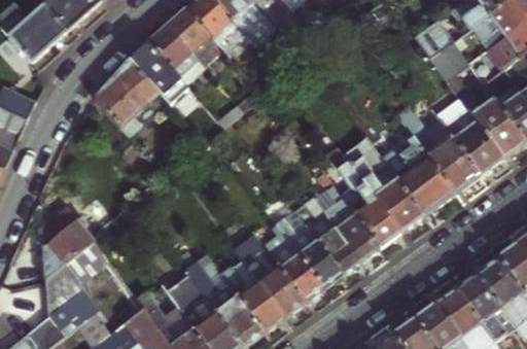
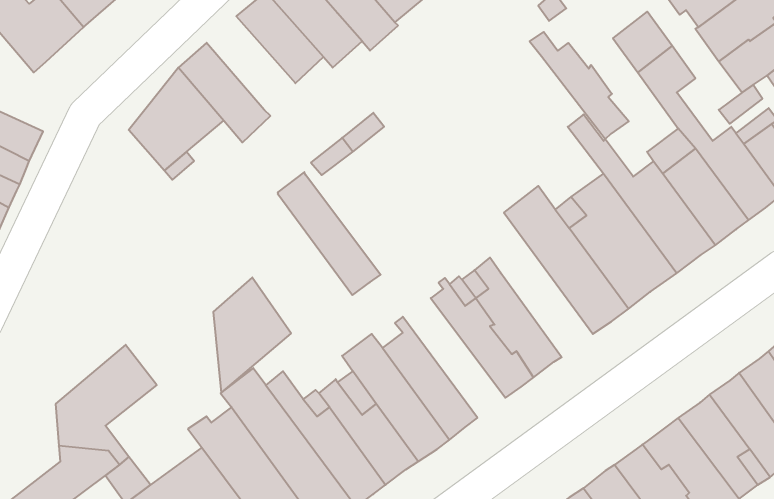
building: [145,22,204,83] -> none
building: none -> [530,32,629,139]
building: [331,151,400,247] -> none
building: [40,202,92,278] -> [213,277,291,393]
building: [275,206,343,287] -> [278,172,381,295]

